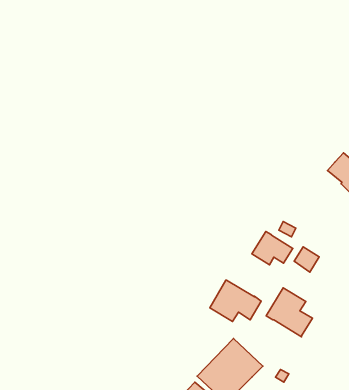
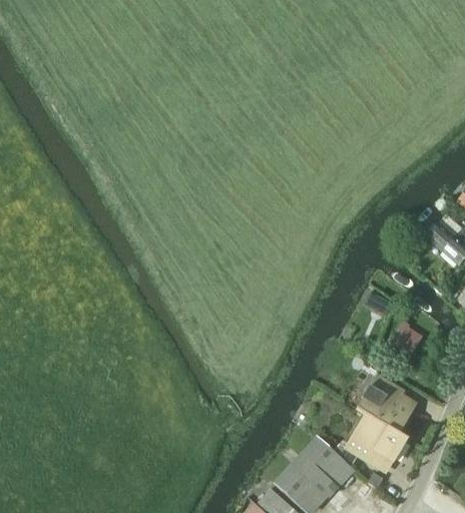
building: [252,231,293,265] -> none
building: [210,280,261,321] -> [345,415,406,464]

